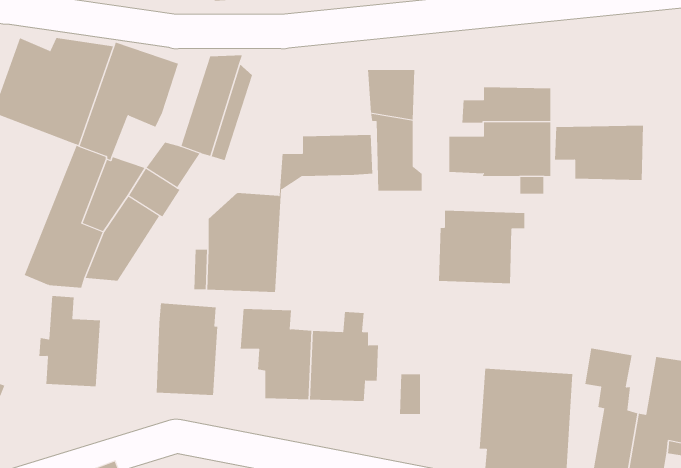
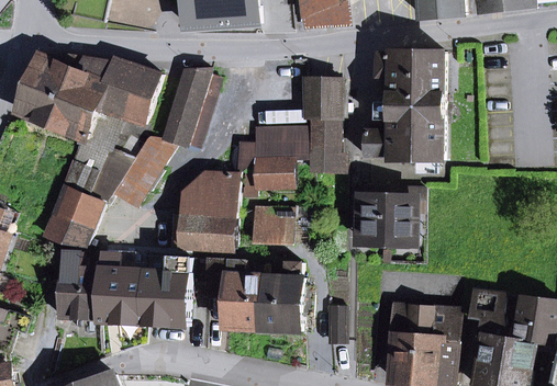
building: [554,125,644,180] -> [376,53,444,94]
building: none -> [242,160,293,197]
building: none -> [253,209,291,245]
building: none -> [98,254,145,325]

